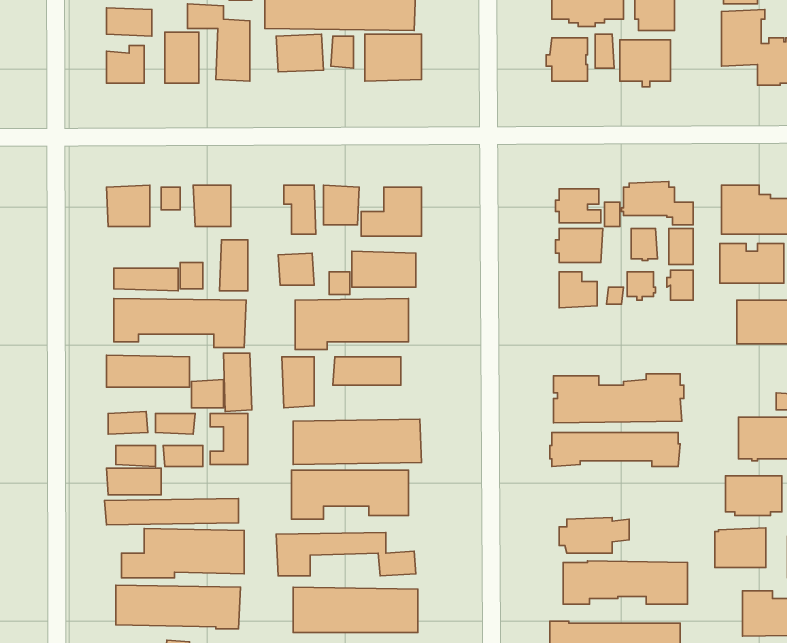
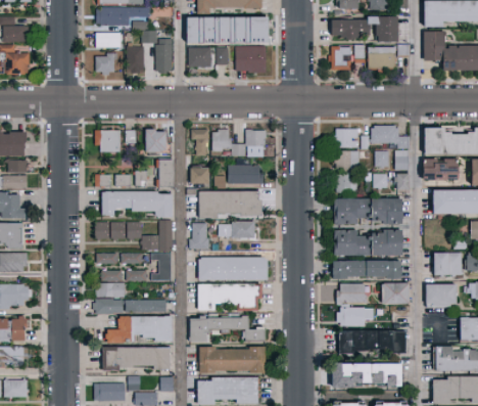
building: none -> [336,199,407,225]
building: none -> [339,284,370,306]
building: [715,528,766,567] -> [384,283,412,305]

